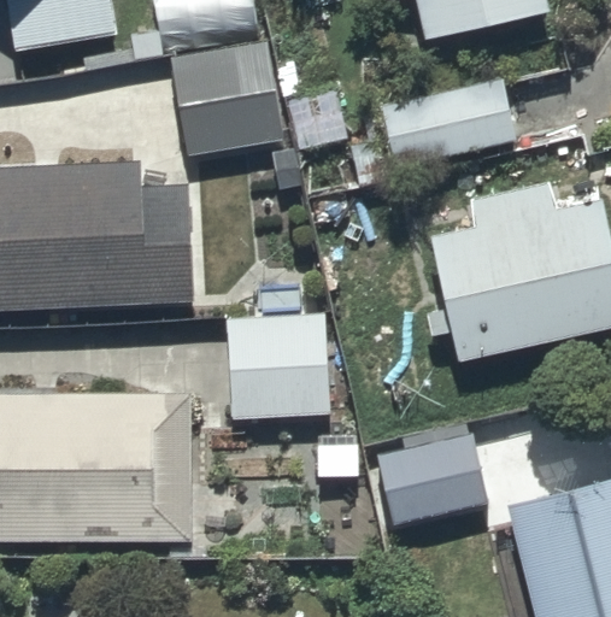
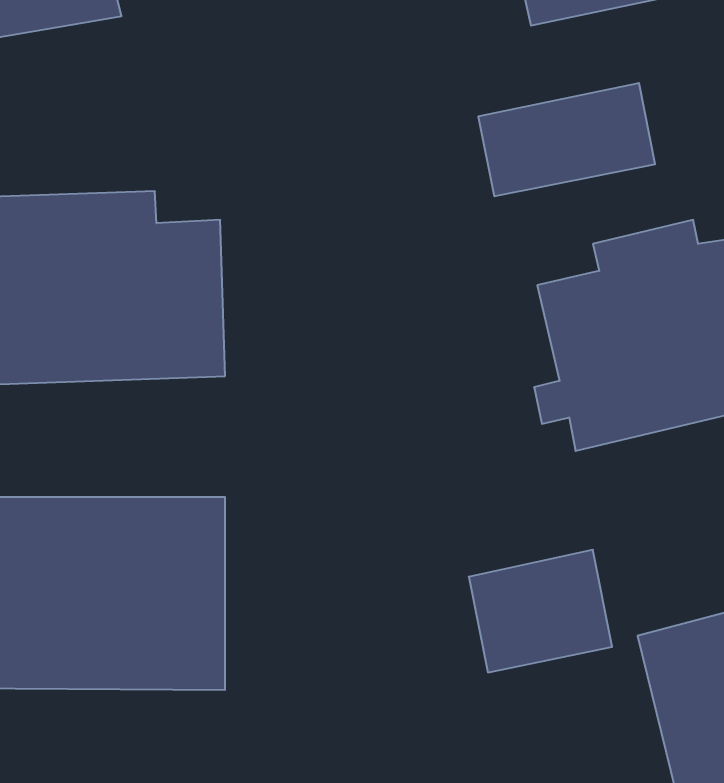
building: [170,41,286,160] -> none
building: [225,313,330,421] -> none

